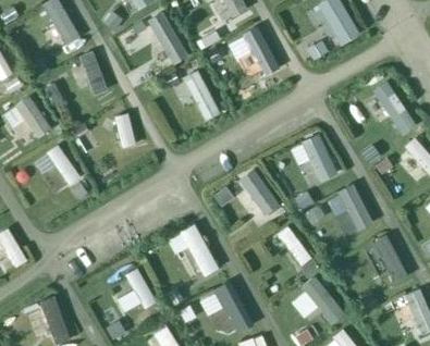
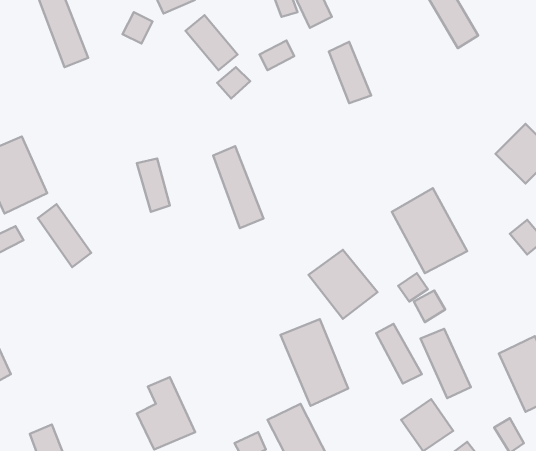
building: [70,51,109,98] -> none
building: [185,67,220,124] -> [213,146,264,228]
building: [336,181,371,228] -> [420,329,471,398]
building: [171,223,218,283] -> [280,319,348,406]

